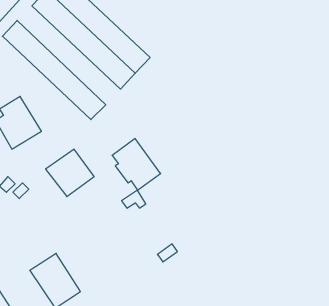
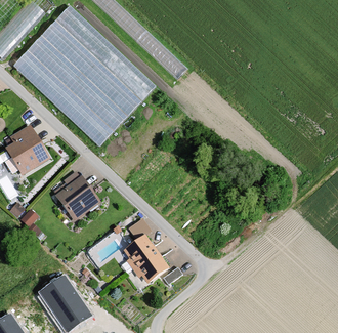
building: none -> [27,36,127,132]
building: [112,139,161,190] -> [123,235,170,285]

